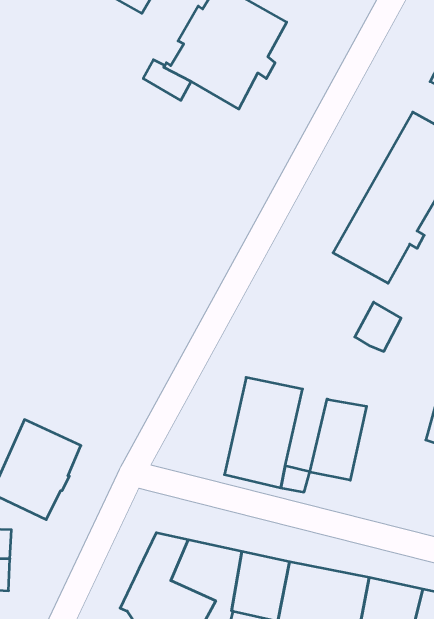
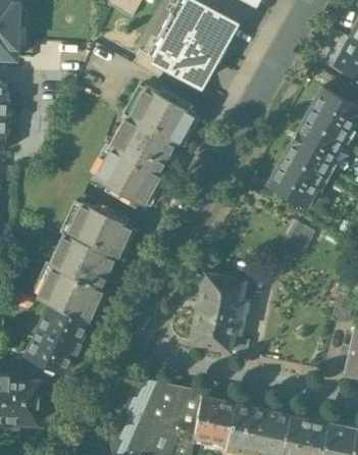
building: none -> [93,85,195,205]
building: none -> [37,202,133,322]
building: [310,399,367,480] -> none

